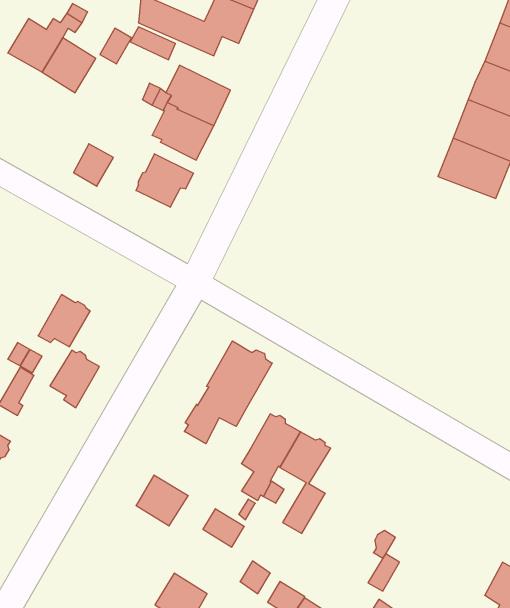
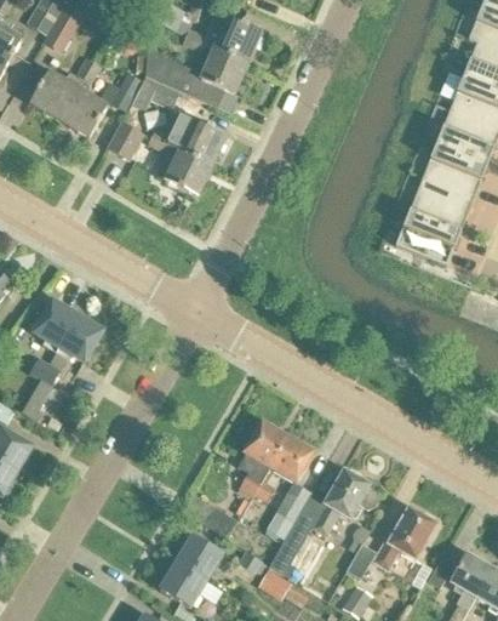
building: [74,144,113,186] -> [108,121,143,159]
building: [136,154,193,207] -> none
building: none -> [395,211,459,266]
building: [184,341,272,444] -> none
building: [50,350,99,408] -> [33,301,76,352]
building: none -> [269,469,379,577]
building: [136,475,188,526] -> [176,535,222,580]
building: none -> [373,508,435,569]

